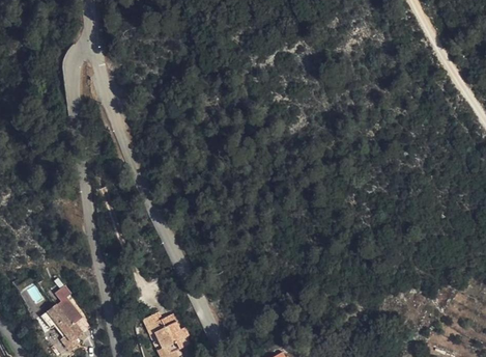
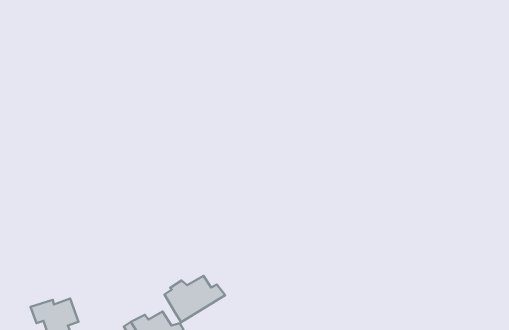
building: none -> [165,276,225,322]

